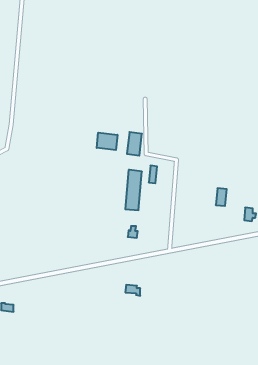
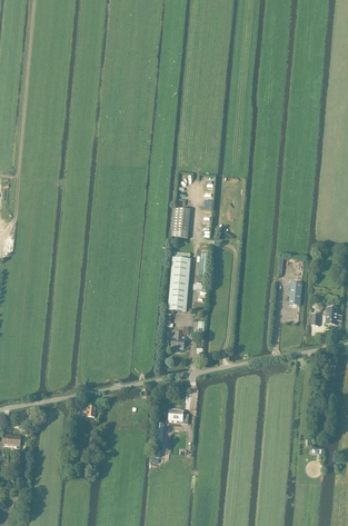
building: [97,133,117,150] -> none

